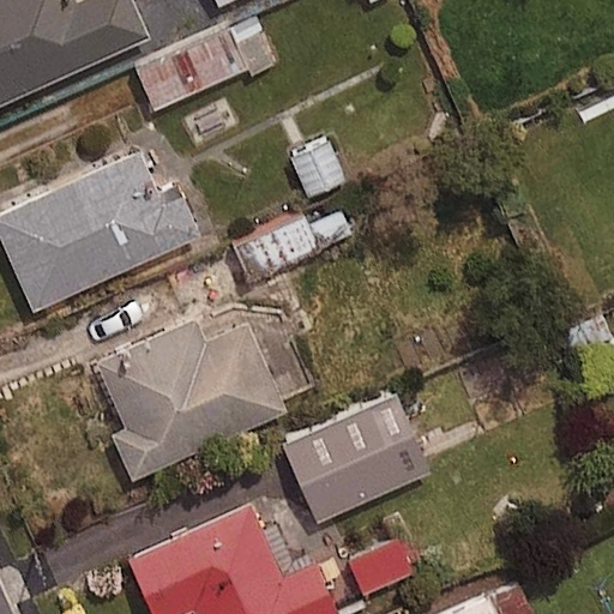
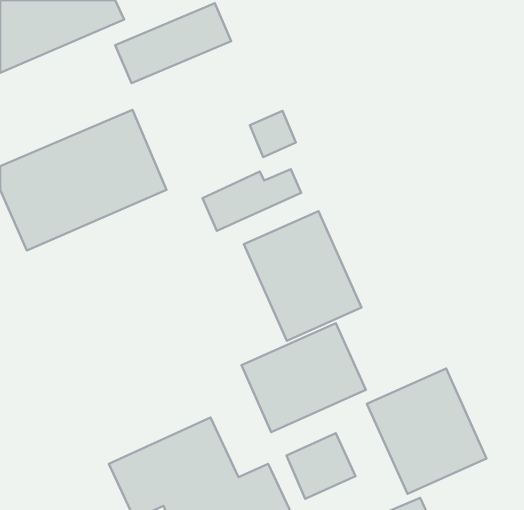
building: none -> [244,211,361,341]
building: [97,321,284,480] -> none
building: none -> [367,368,487,494]

